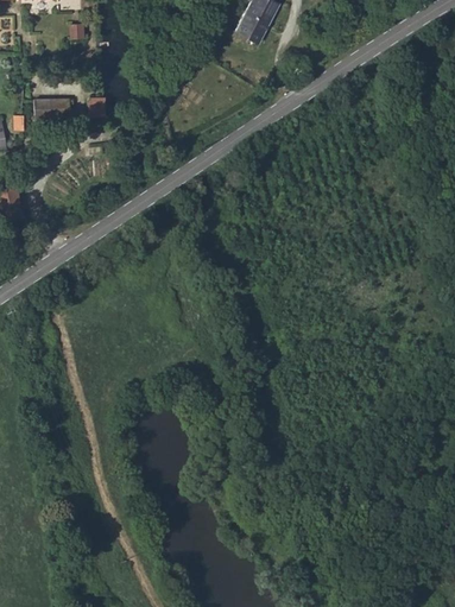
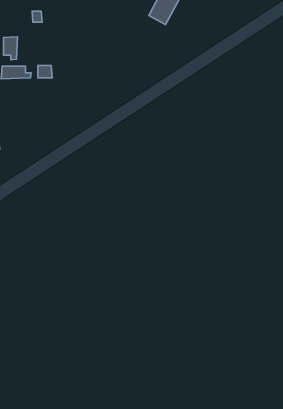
building: none -> [4,37,17,60]

